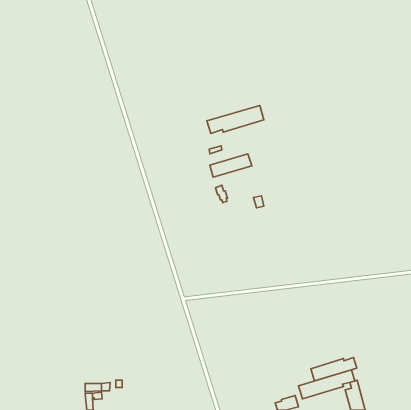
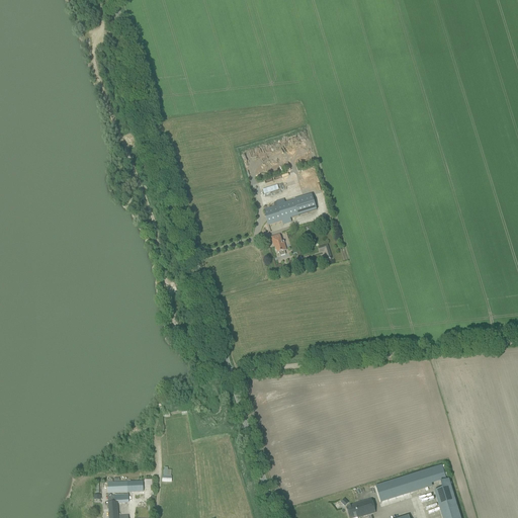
building: [207,105,264,133] -> none
building: [311,358,357,381] -> none

